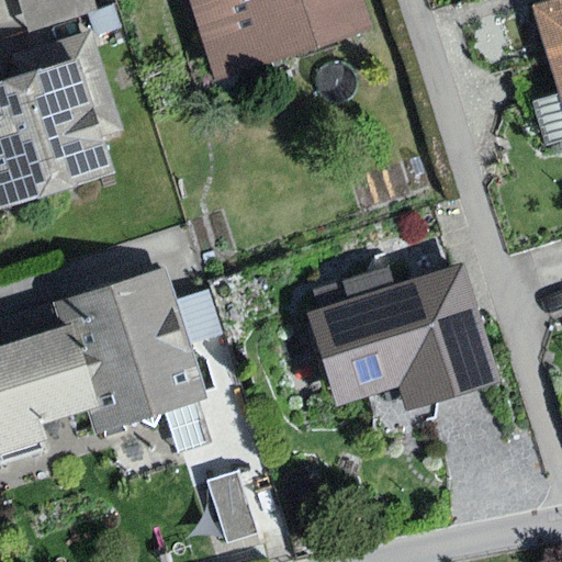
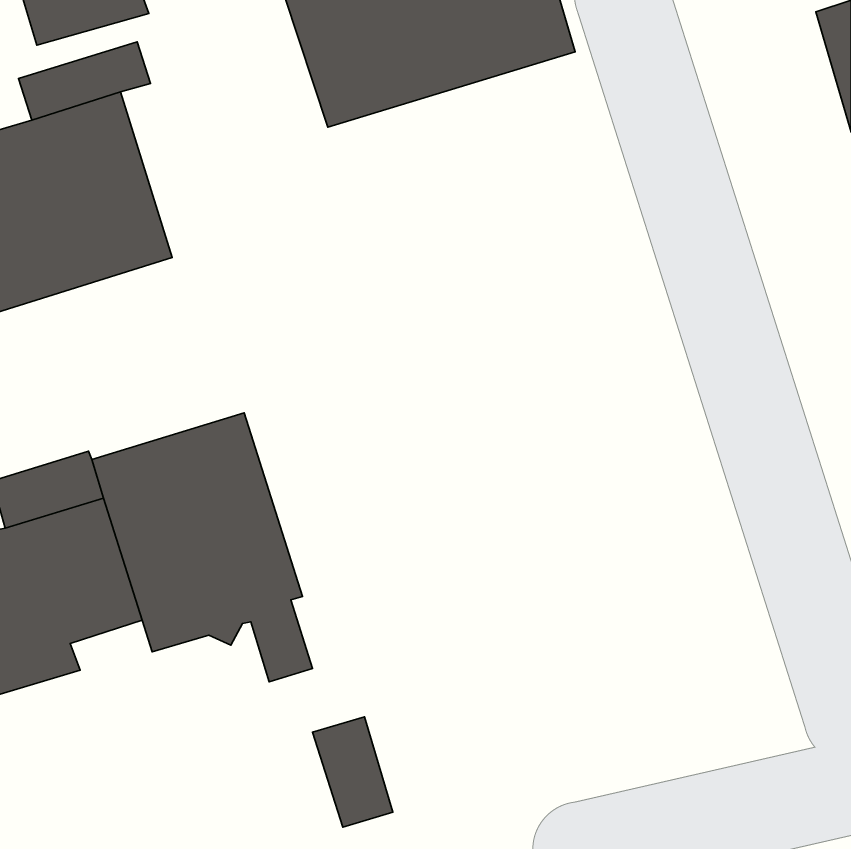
building: [312,262,503,412] -> none

